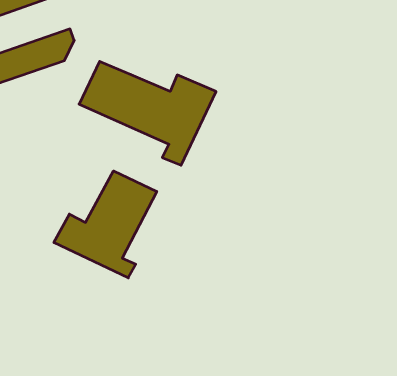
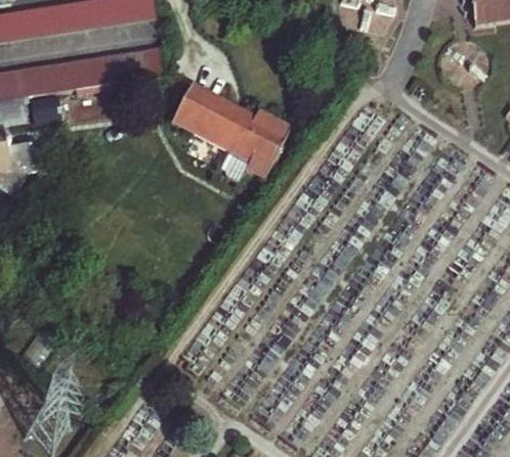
building: [54,171,157,278] -> none

